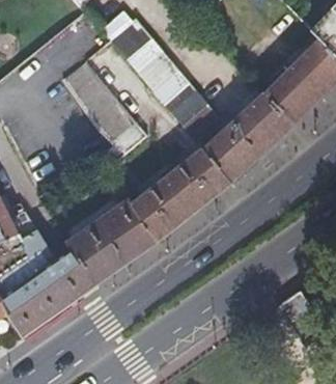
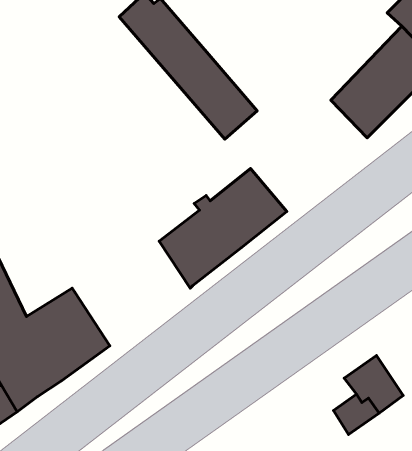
building: [64,55,145,167] -> none
building: [203,94,293,181] -> none
building: [67,198,157,284] -> none

